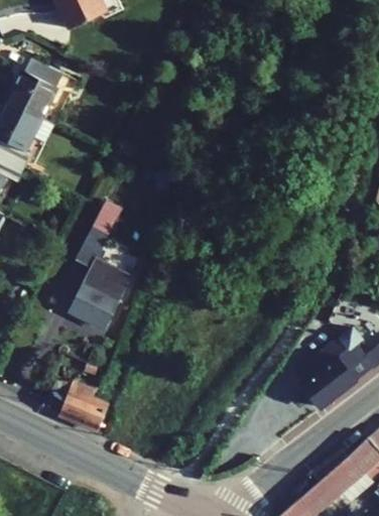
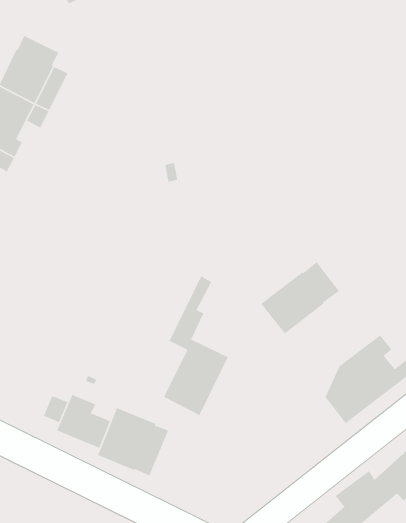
building: [71,202,130,329] -> [163,275,229,416]
building: none -> [260,261,340,334]
building: none -> [97,407,169,477]

